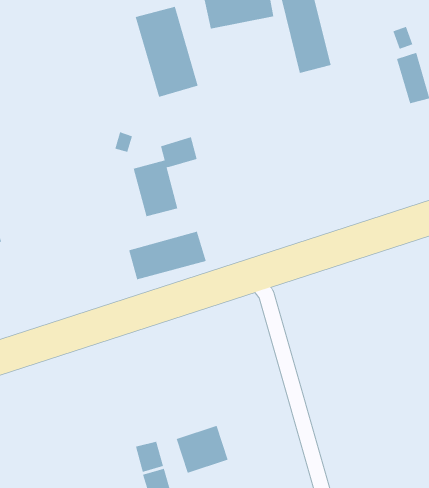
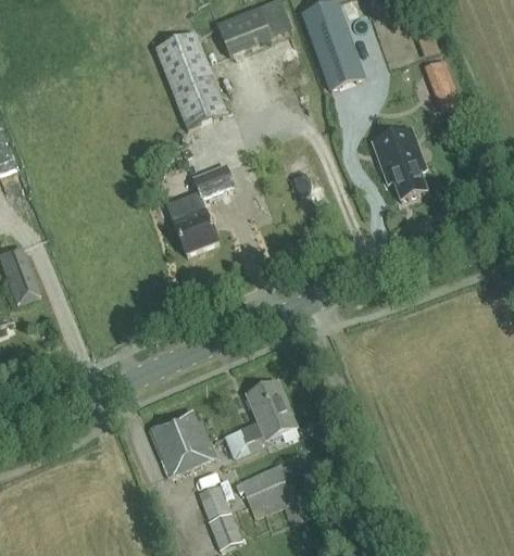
building: none -> [372,127,426,199]
building: [129,231,207,280] -> none
building: none -> [238,380,296,443]
building: none -> [146,409,216,477]

